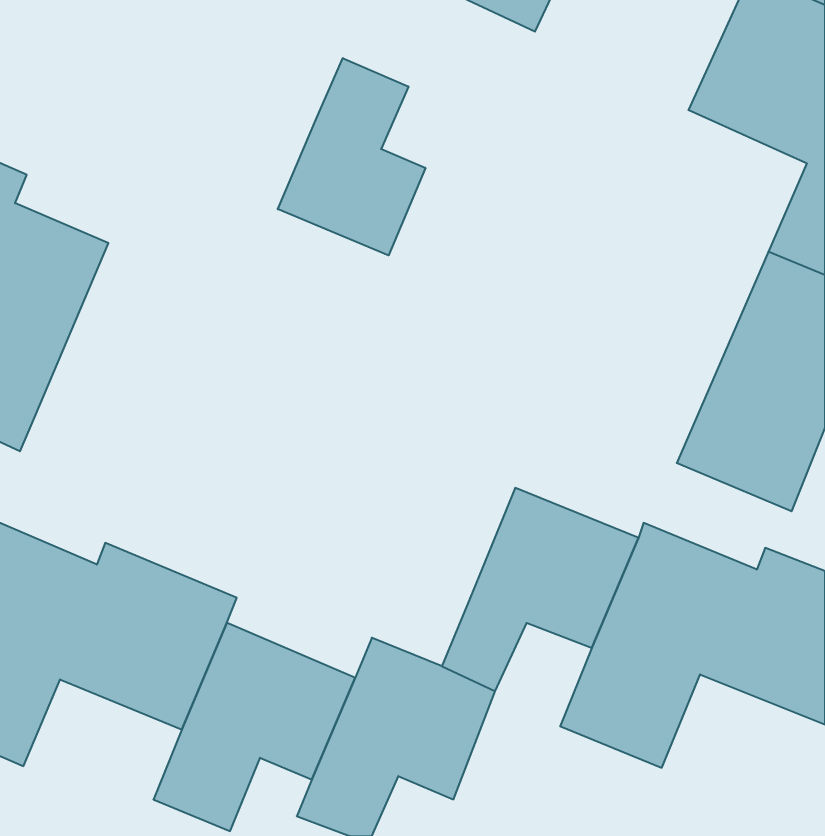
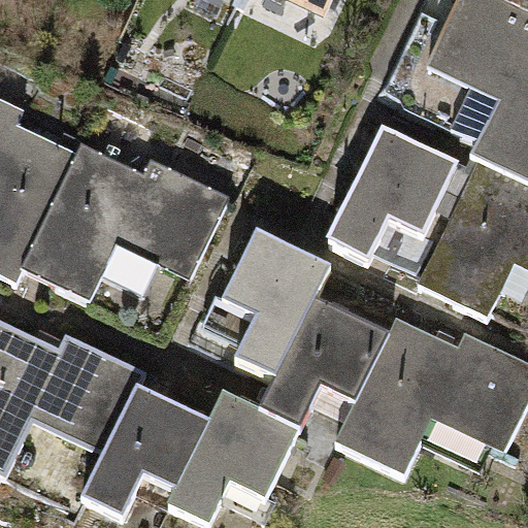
building: [278,58,425,255] -> none
building: none -> [335,129,462,263]
building: none -> [19,151,223,297]
building: none -> [230,232,335,370]

